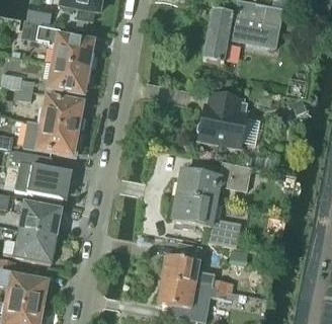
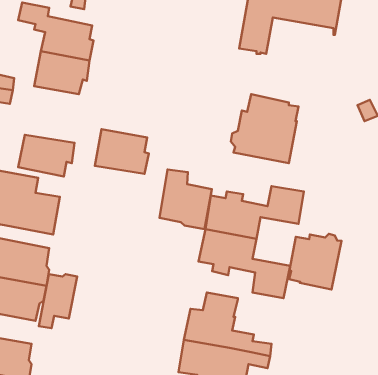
building: [42,96,82,130] -> [95,129,149,174]
building: none -> [159,170,212,229]
building: none -> [289,234,341,290]
building: none -> [39,274,77,328]

